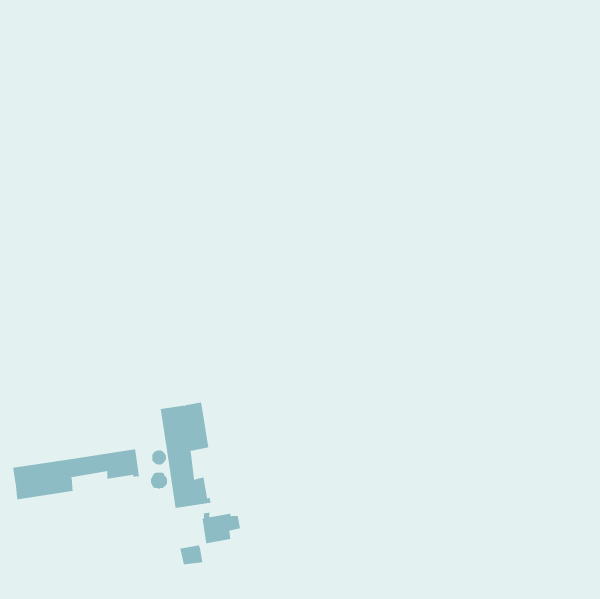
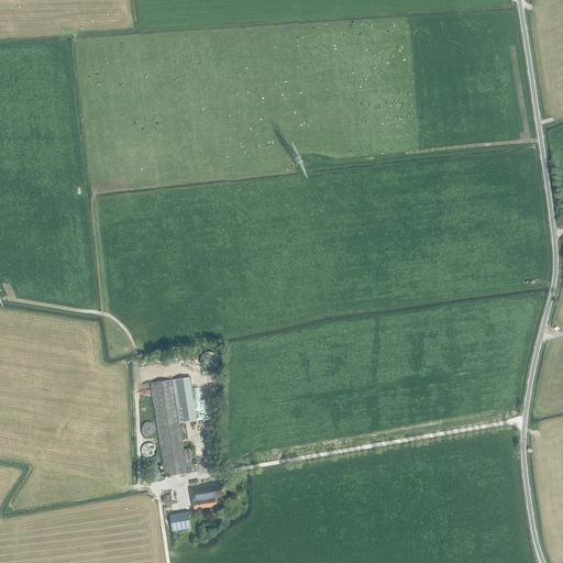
building: [12,448,140,500] -> none

